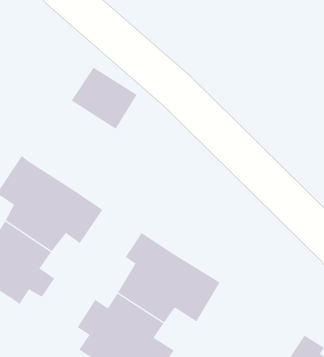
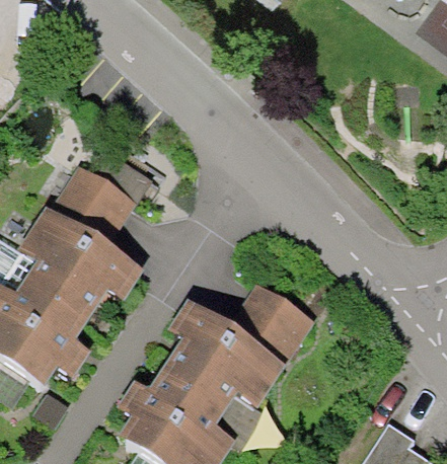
building: [71,67,138,130] -> [54,167,136,244]
building: none -> [228,280,315,358]

